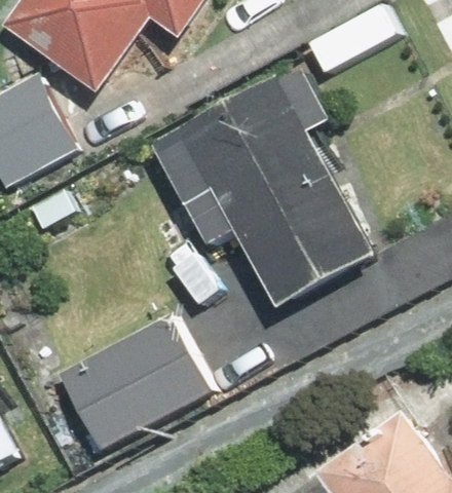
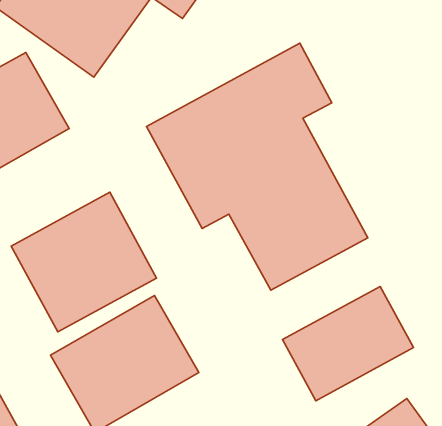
building: none -> [11,192,157,332]
building: none -> [282,286,414,401]

